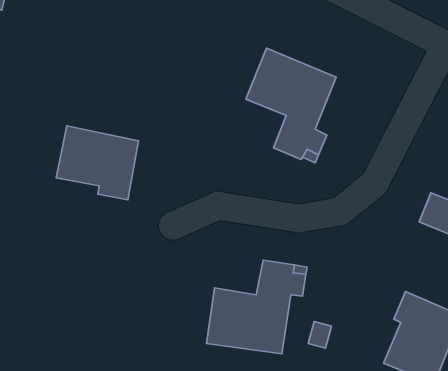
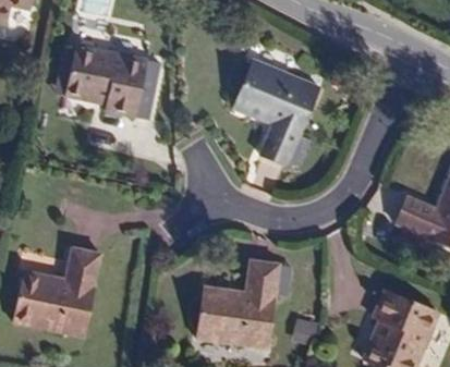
building: [56,126,138,200] -> [65,47,143,117]
building: none -> [13,248,98,338]

